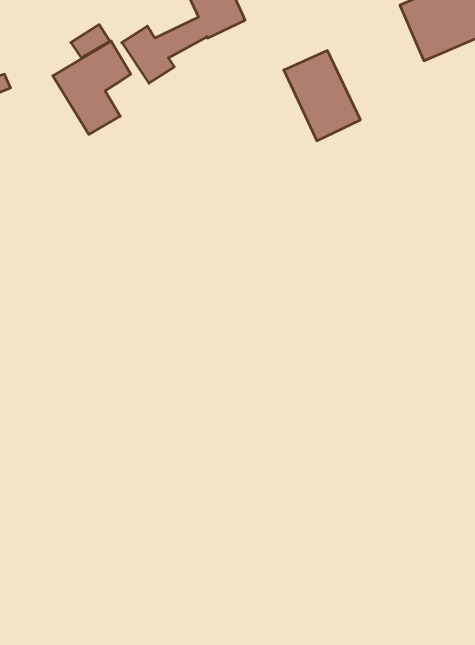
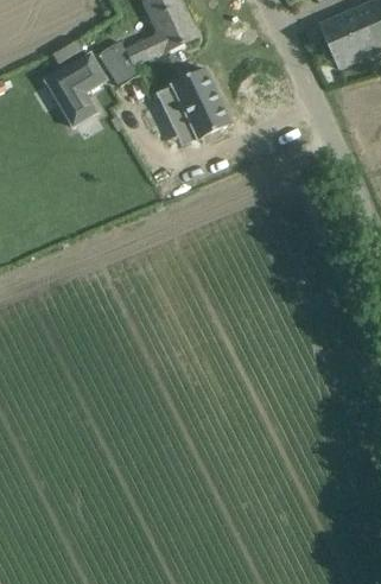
building: [284,51,360,141] -> [160,66,221,138]

